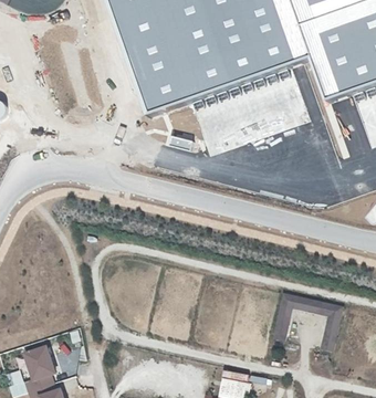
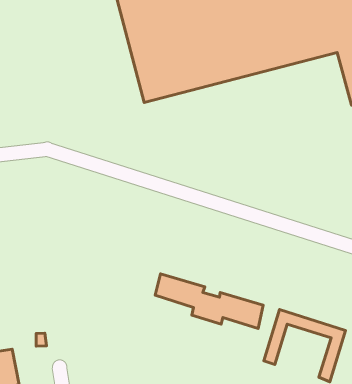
building: none -> [155,274,263,328]

